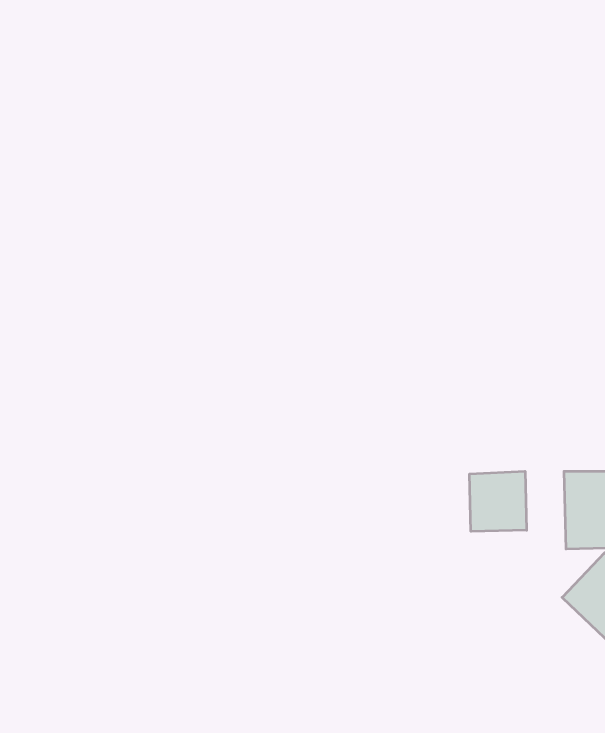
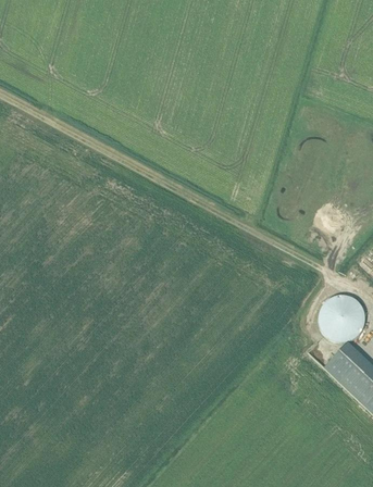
building: [470,471,527,531] -> none

